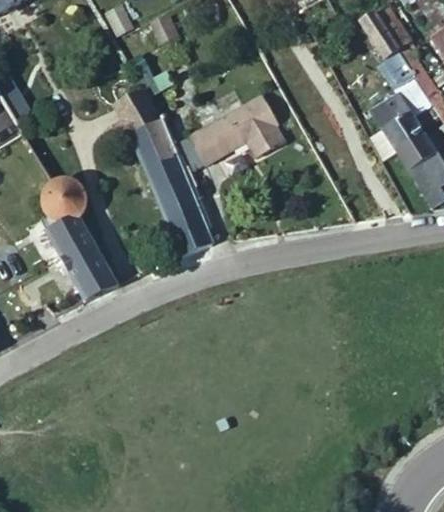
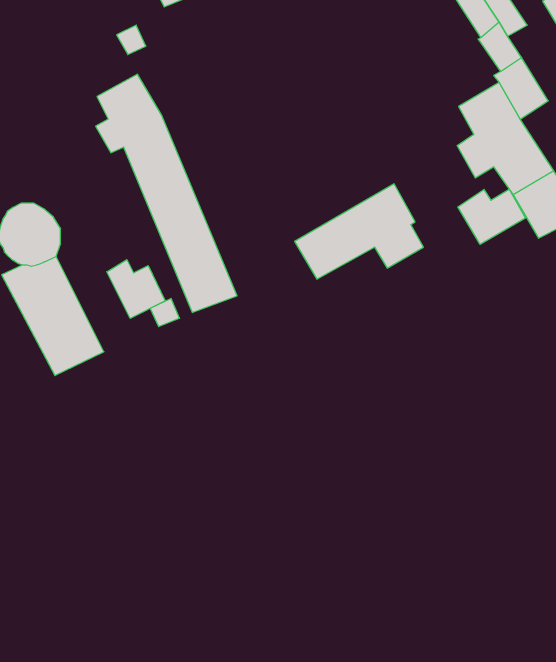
building: [190,96,282,164] -> [295,184,423,279]
building: none -> [458,189,525,244]
building: none -> [107,260,165,318]

